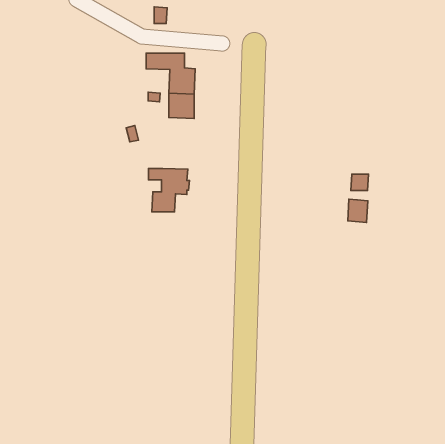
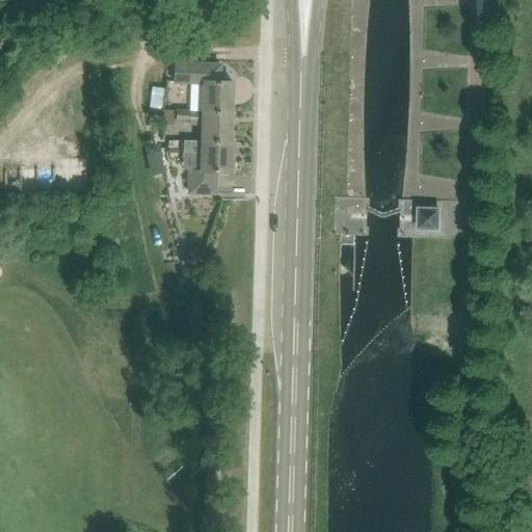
building: [149,168,189,212] -> [185,140,234,192]
building: [348,199,368,222] -> none

